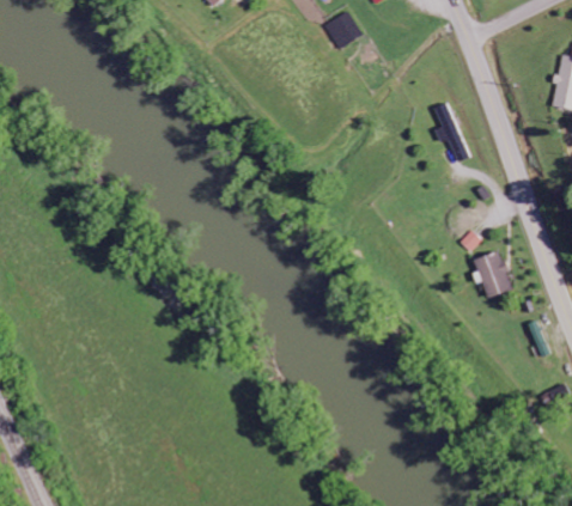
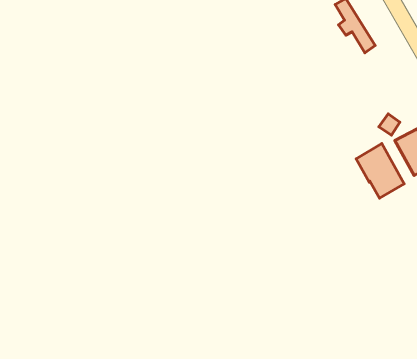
building: none -> [356,144,404,198]

